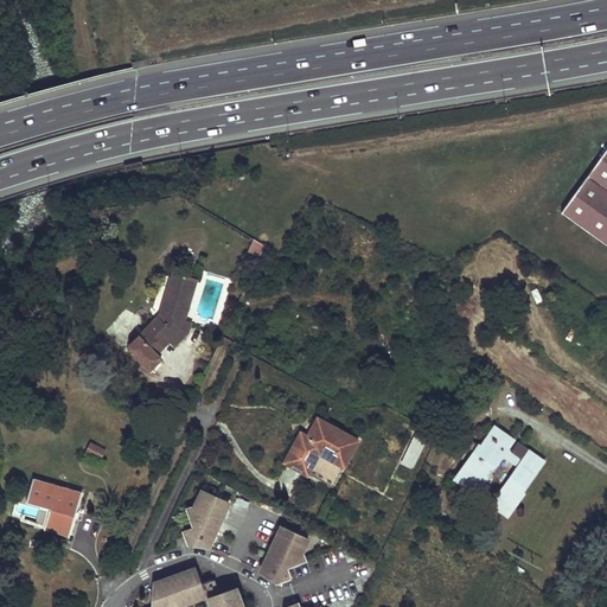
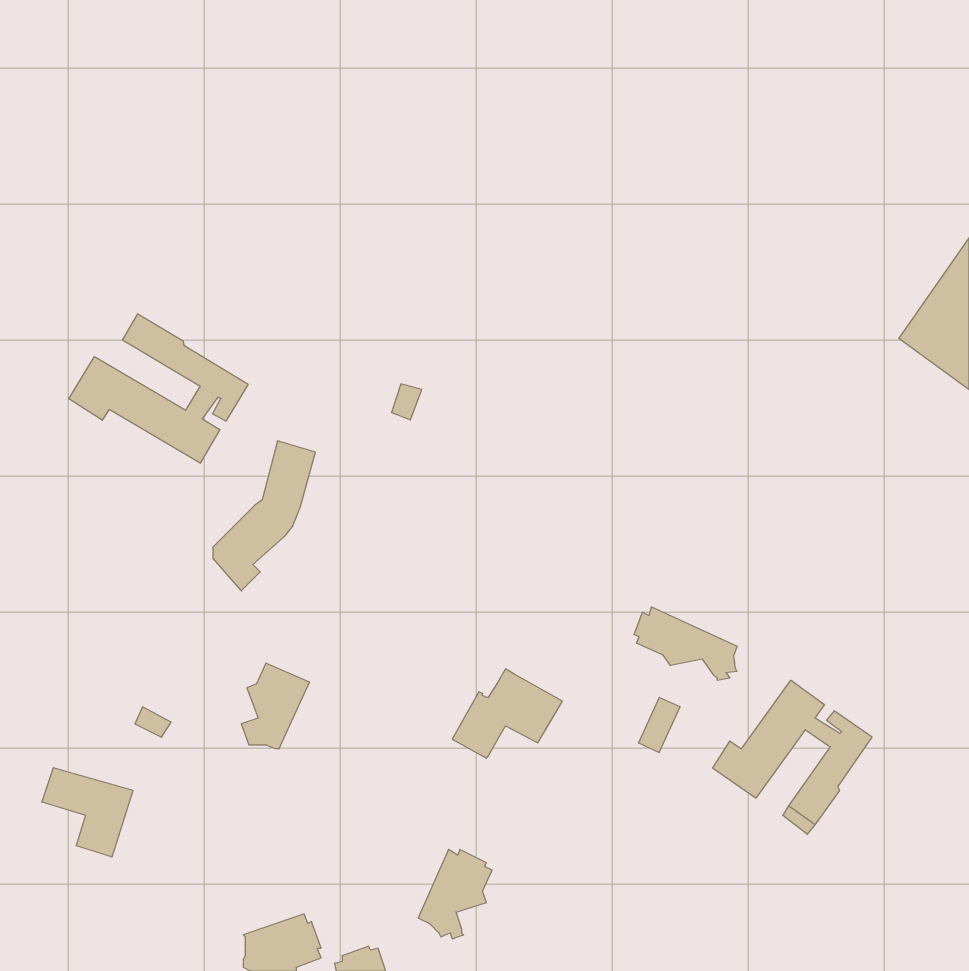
building: none -> [69,314,248,463]
building: none -> [634,607,737,680]
building: [305,453,336,484] -> none
building: [186,494,229,548] -> [241,663,310,749]

